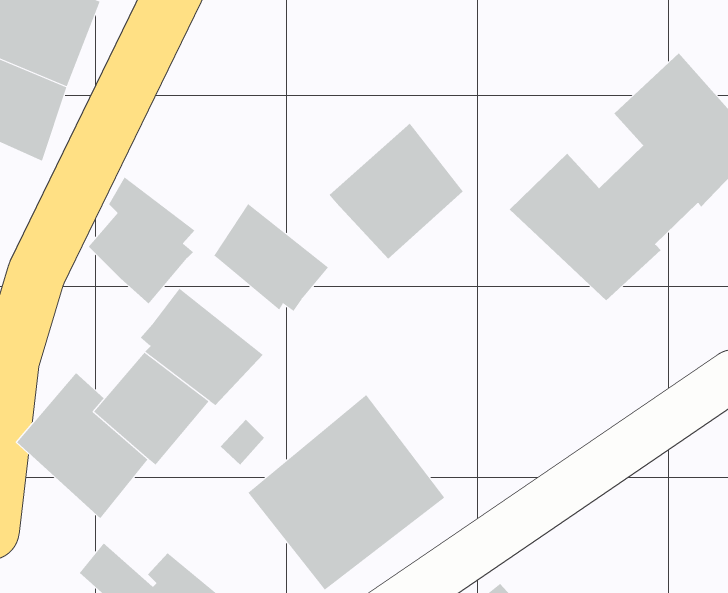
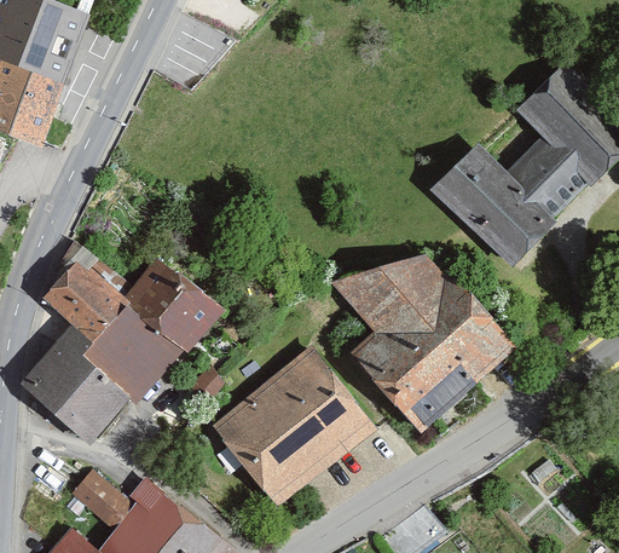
building: [329,123,464,260] -> none
building: [88,177,195,305] -> [42,241,132,347]
building: [213,203,329,312] -> none
building: none -> [330,254,516,436]

